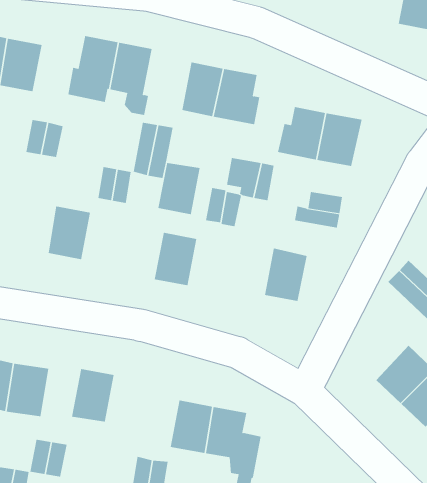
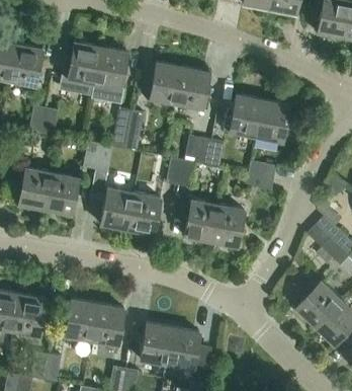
building: [157,162,201,215] -> [101,189,135,230]
building: none -> [19,168,52,210]
building: none -> [186,200,219,242]
building: none -> [90,304,123,345]

